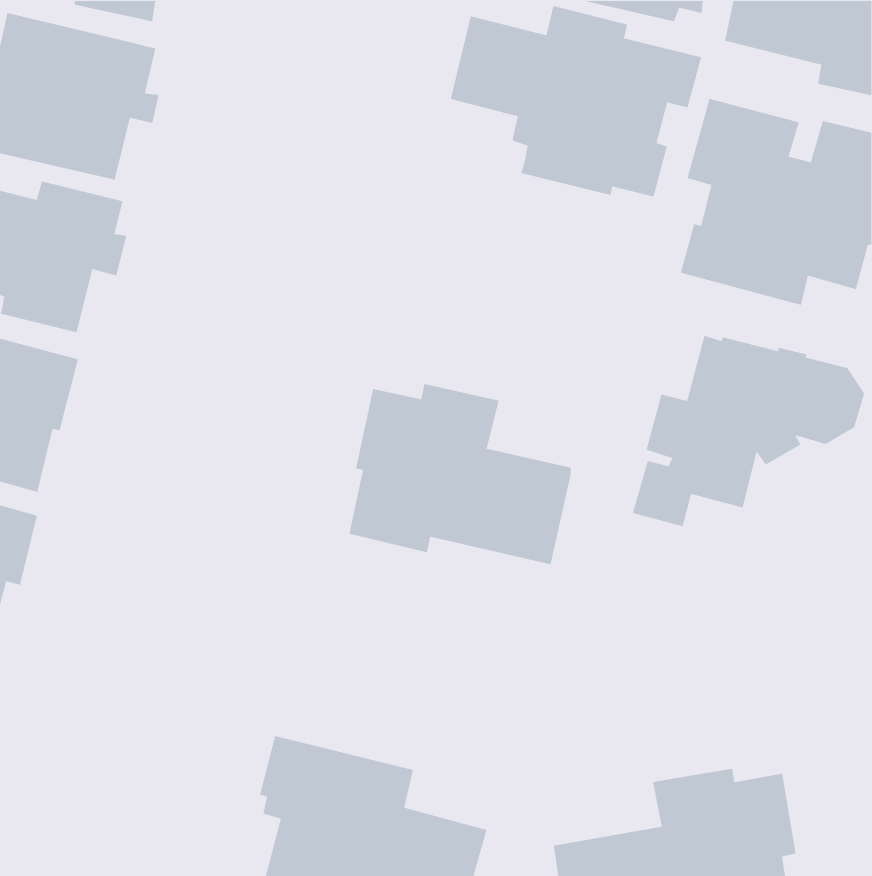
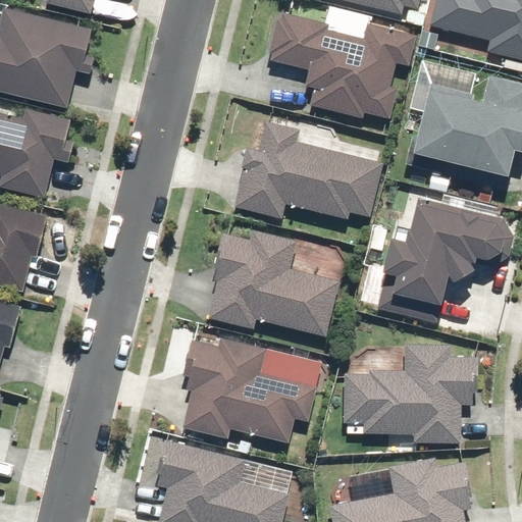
building: none -> [231,118,383,219]
building: none -> [181,334,322,443]
building: none -> [343,344,479,440]

